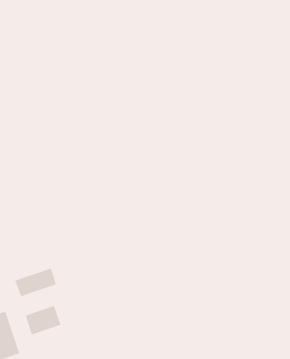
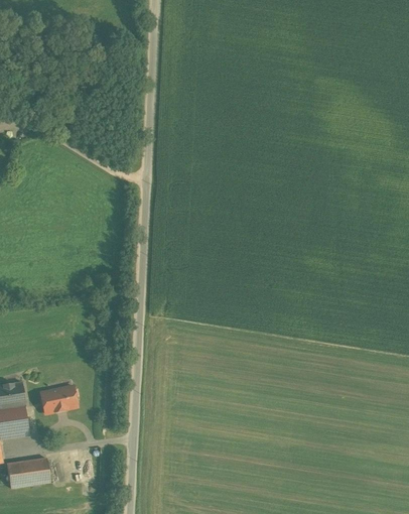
building: [14,268,57,297] -> none

